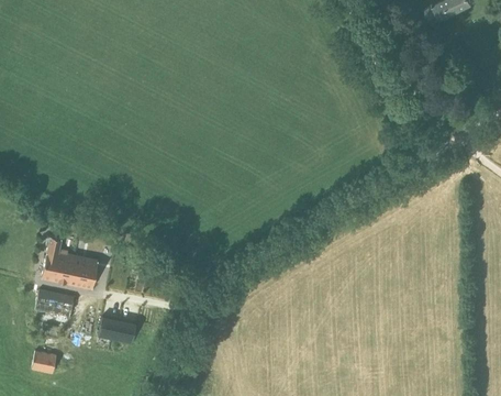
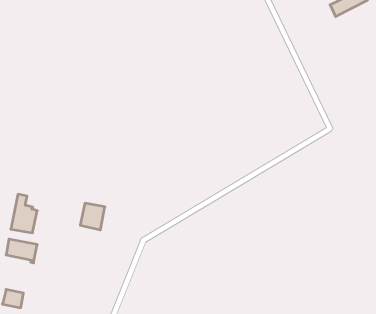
building: [68,256,98,288] -> [80,203,105,230]
building: [99,317,136,343] -> none

